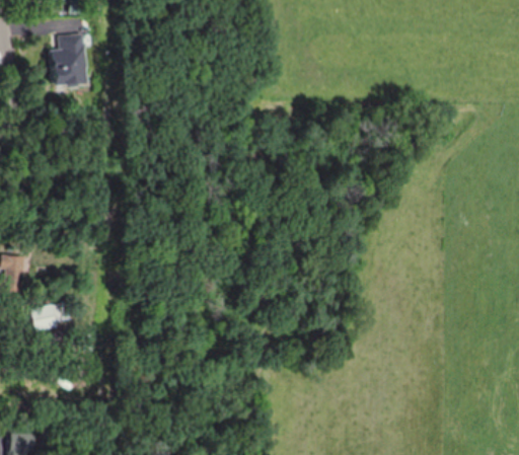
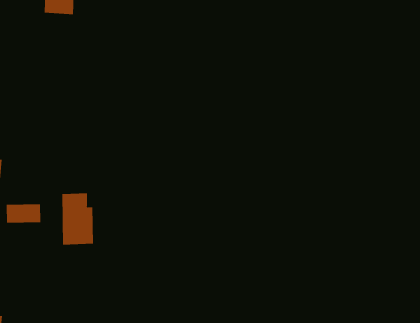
building: none -> [62,192,94,246]

